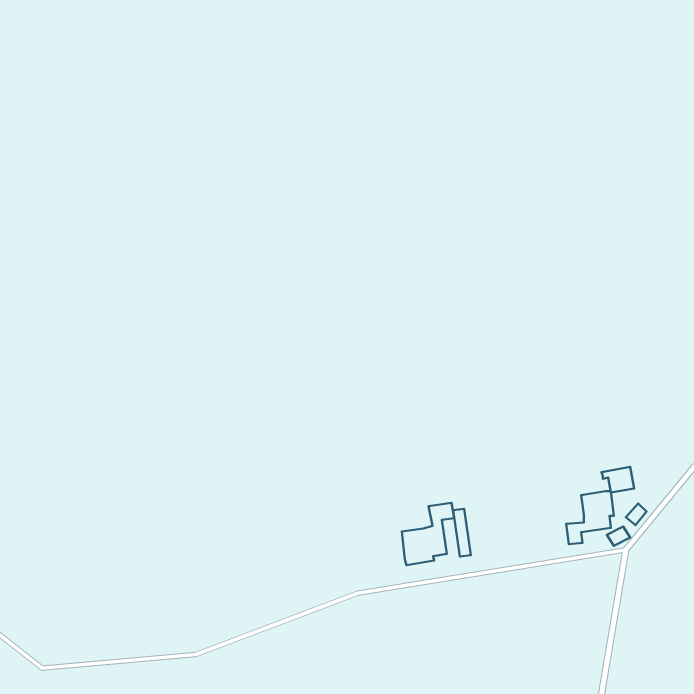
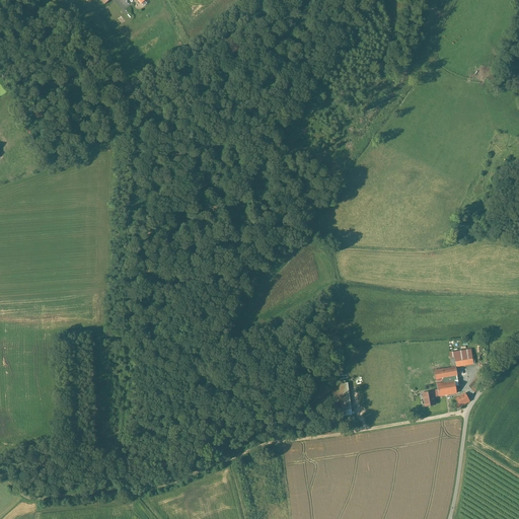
building: [402,503,454,565] -> none

